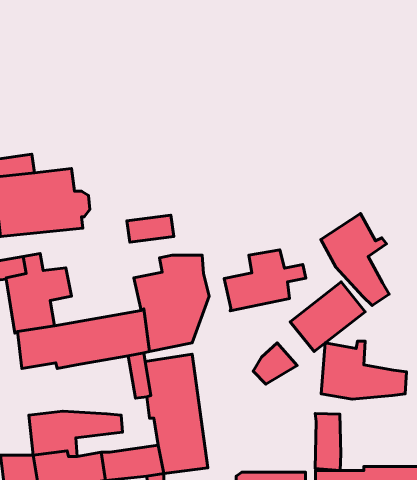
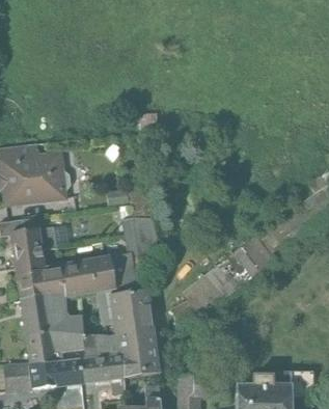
building: [321,213,389,306] -> none
building: [224,250,306,311] -> none
building: [321,341,407,399] -> none
building: none -> [22,296,84,334]
building: [315,413,341,471] -> none
building: none -> [85,334,121,361]

